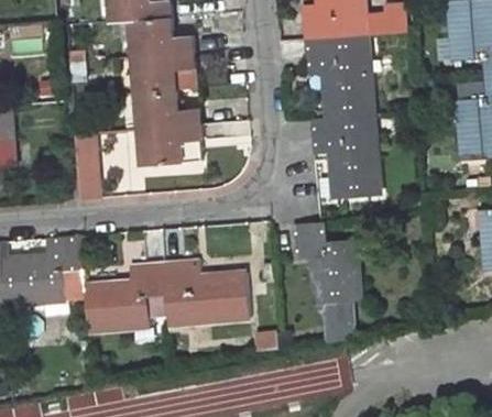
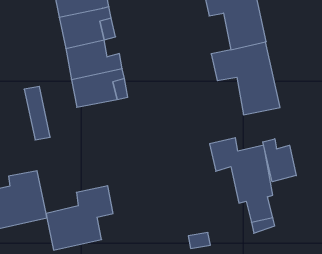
building: none -> [263,139,296,182]
building: [162,262,245,326] -> none

